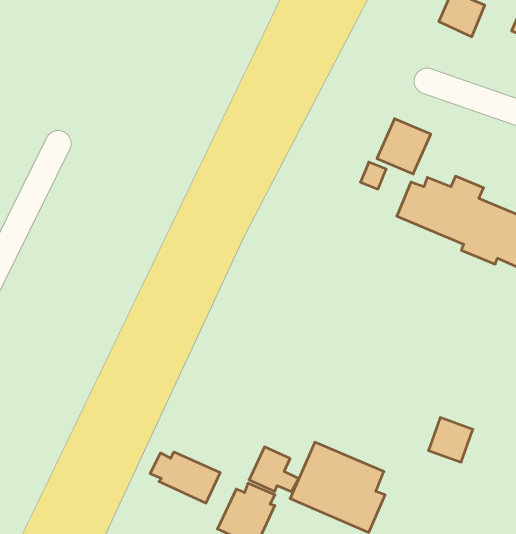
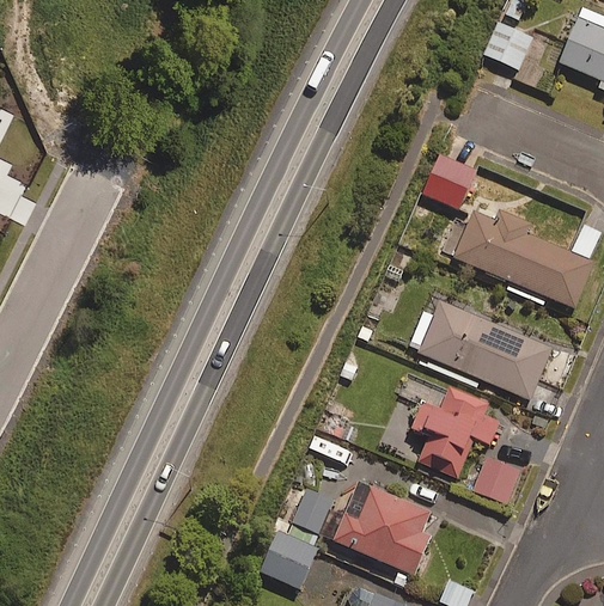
building: none -> [409,301,551,399]
building: none -> [403,373,499,478]
building: [150,452,220,503] -> none

